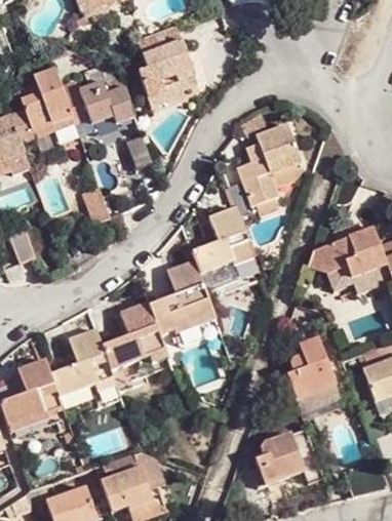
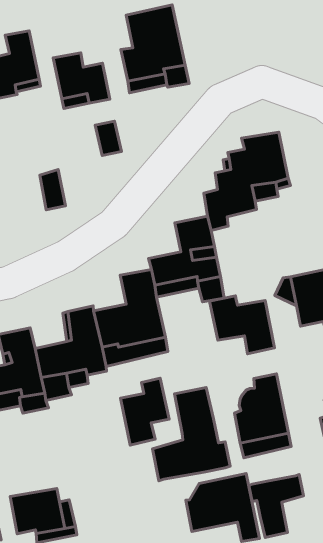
building: none -> [210,296,275,354]
building: none -> [121,378,169,445]
building: none -> [153,387,230,481]
building: none -> [249,475,303,537]

